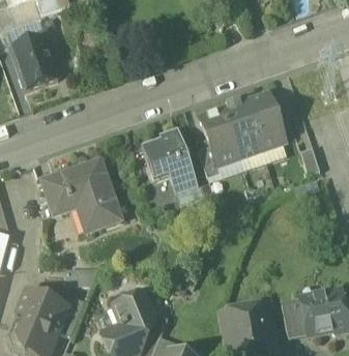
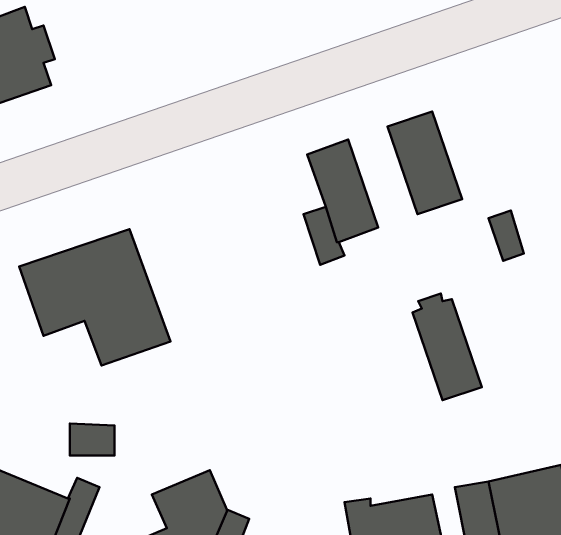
building: [222,97,260,156] -> [413,294,482,400]
building: [142,132,196,194] -> none

